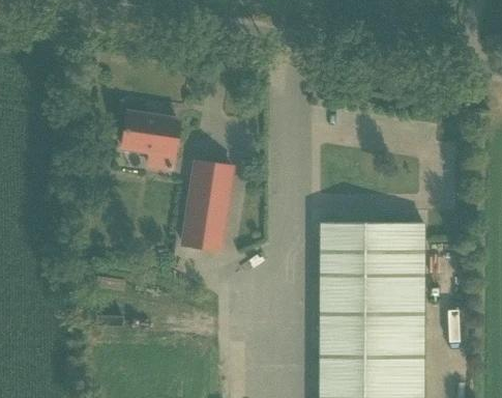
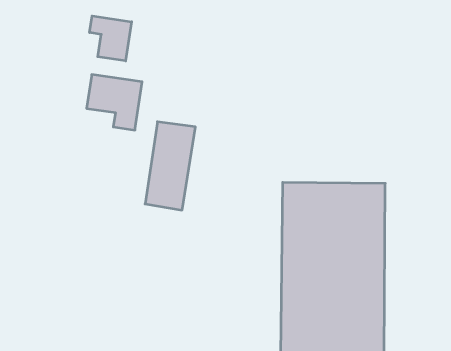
building: none -> [90,16,132,61]

